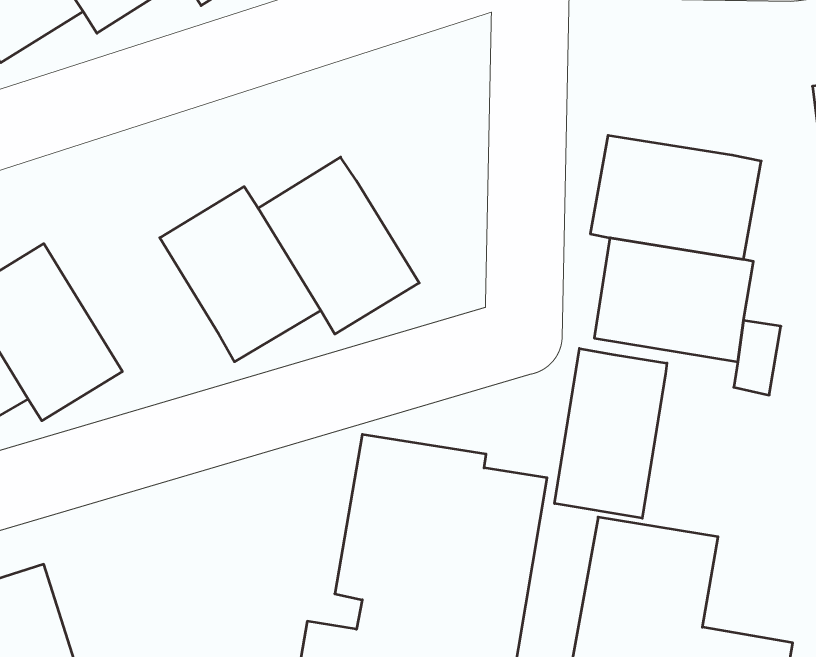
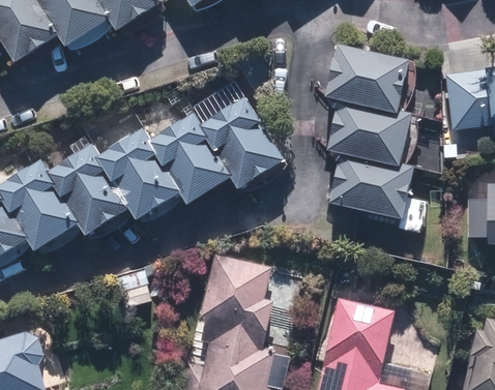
building: none -> [328,43,411,111]
building: none -> [204,97,287,188]
building: none -> [48,143,132,233]
building: [555,348,667,518] -> none

